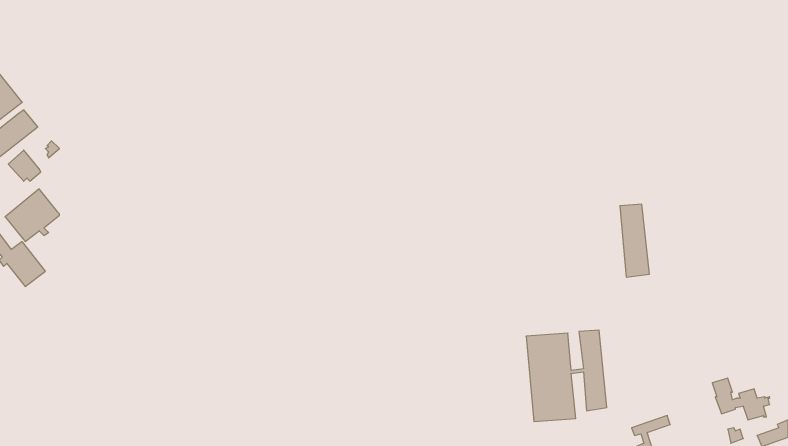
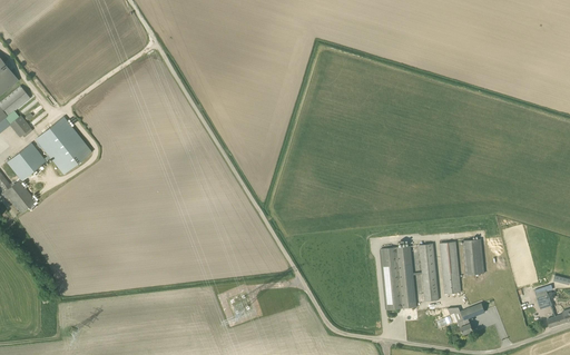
building: none -> [36,116,91,174]
building: [620,204,649,277] -> [440,241,461,294]
building: none -> [463,239,484,275]

